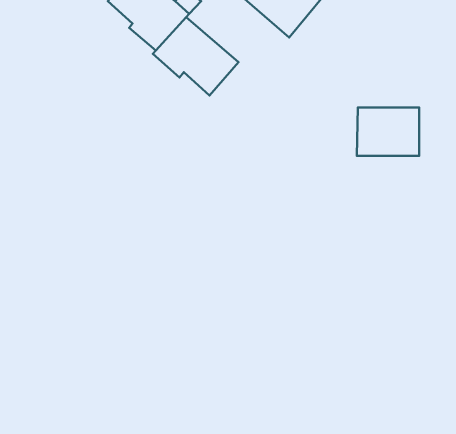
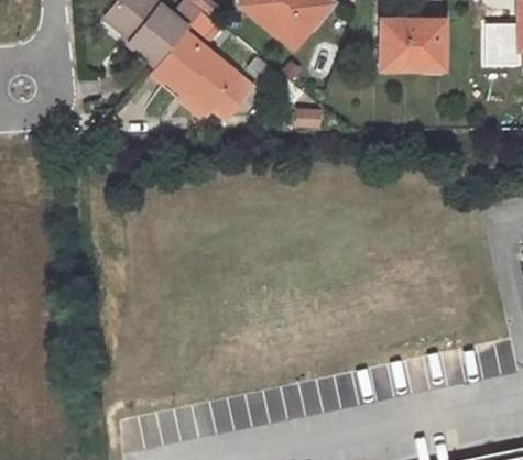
building: [357,107,419,156] -> [386,21,450,70]

